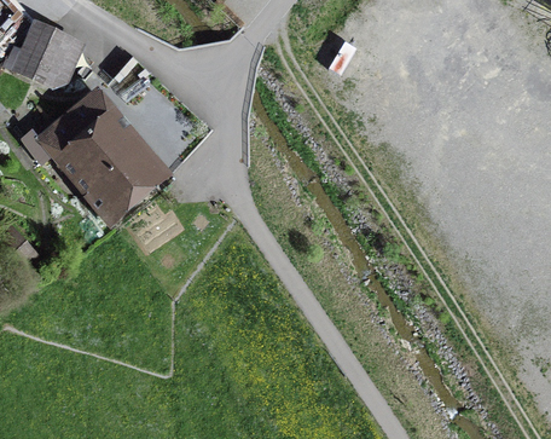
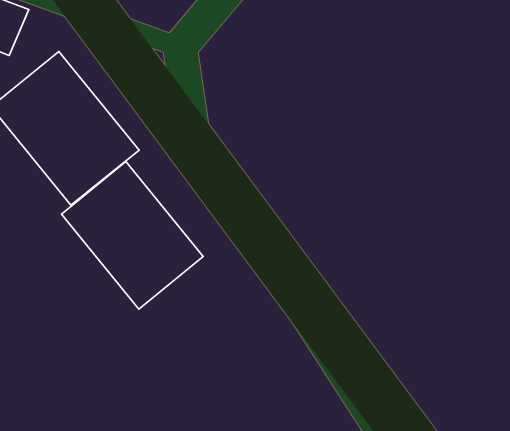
building: none -> [62,162,203,309]

